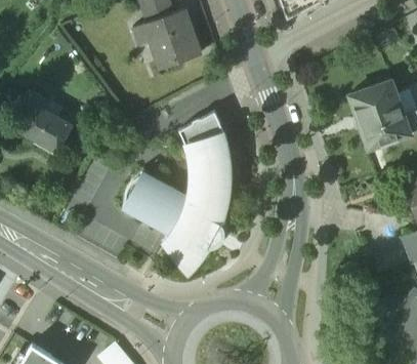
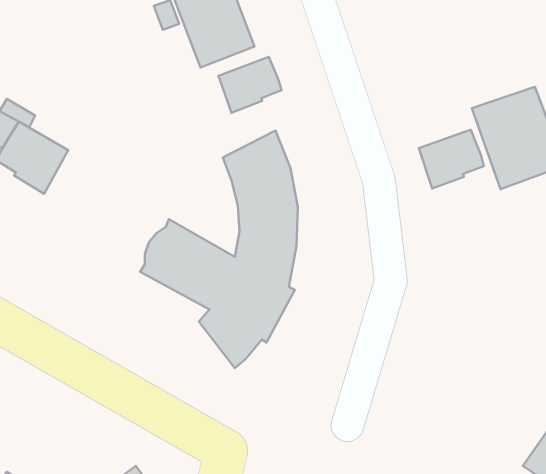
building: none -> [218,57,282,113]
building: none -> [419,130,484,188]

